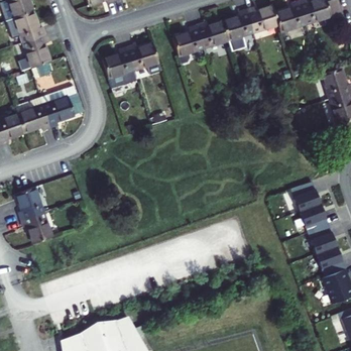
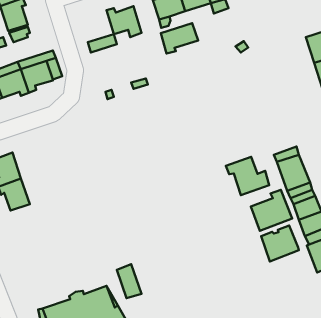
building: [102,47,133,79] -> none
building: none -> [161,23,198,54]
building: none -> [226,157,269,195]
building: none -> [251,190,292,231]
building: none -> [261,226,299,261]
building: none -> [117,264,142,298]

